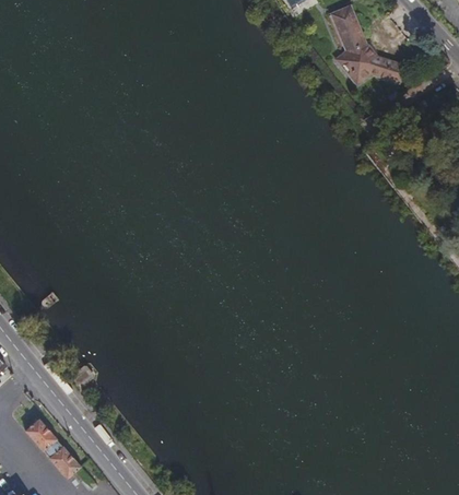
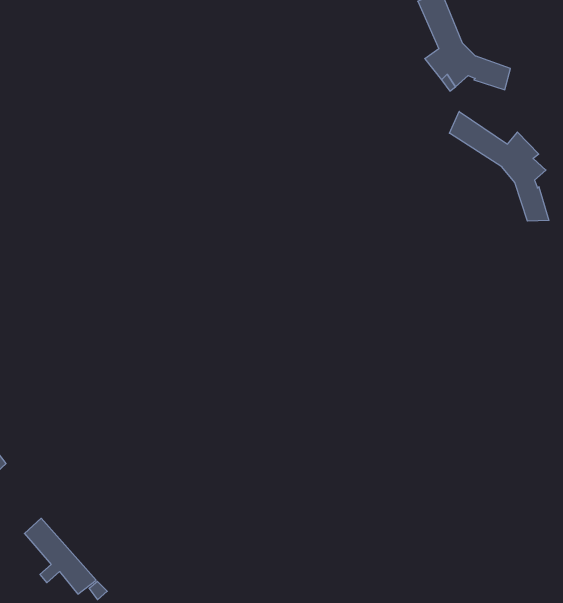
building: none -> [449,111,549,221]

